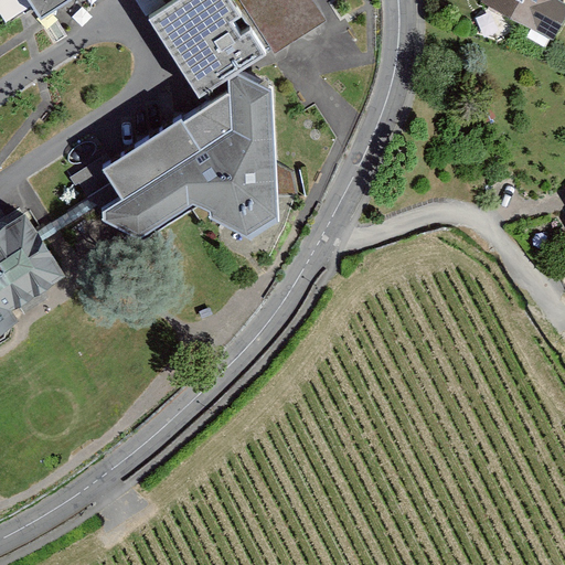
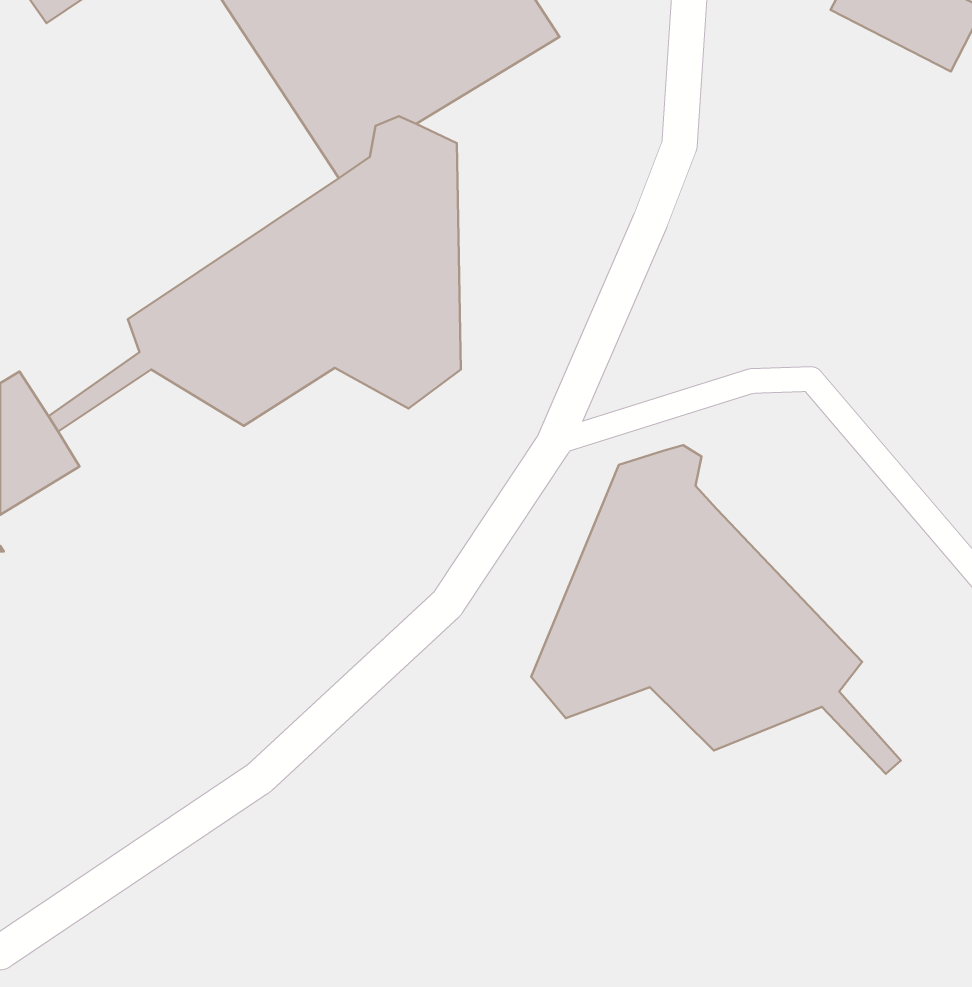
building: none -> [531,445,901,774]

